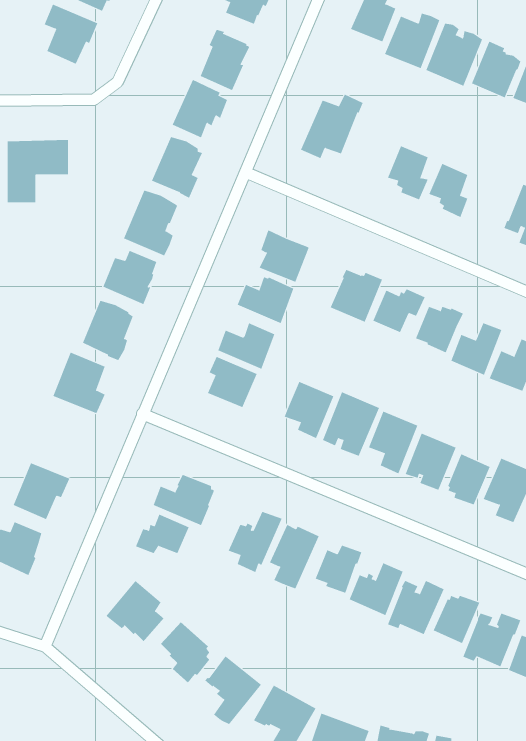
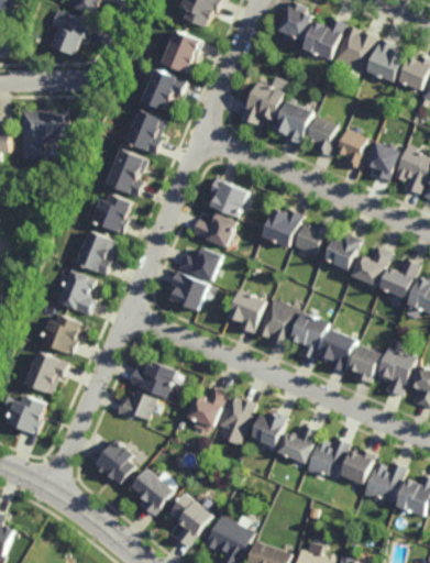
building: none -> [273,99,311,142]
building: none -> [364,141,397,180]
building: none -> [38,313,80,355]

